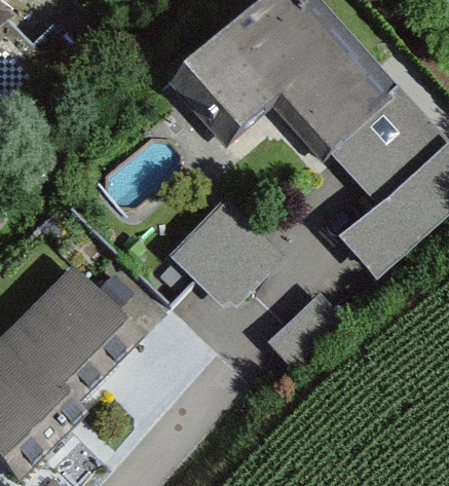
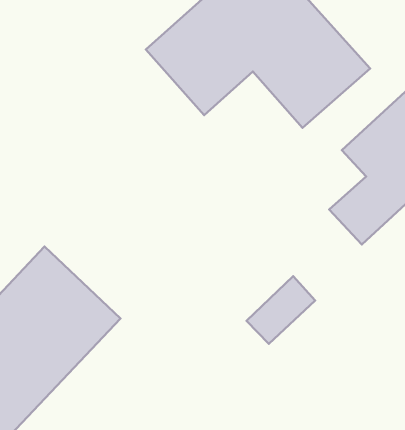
building: [181,207,261,288] -> none

